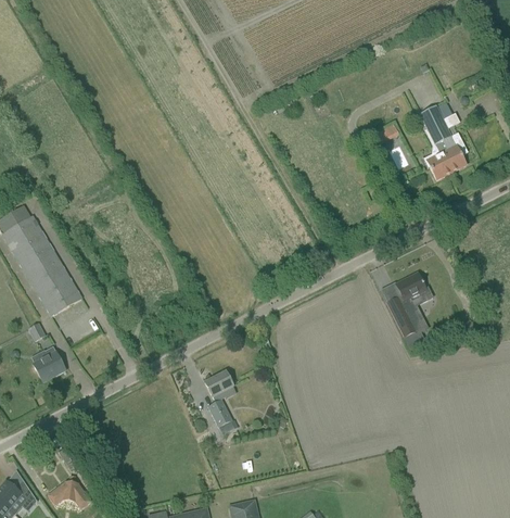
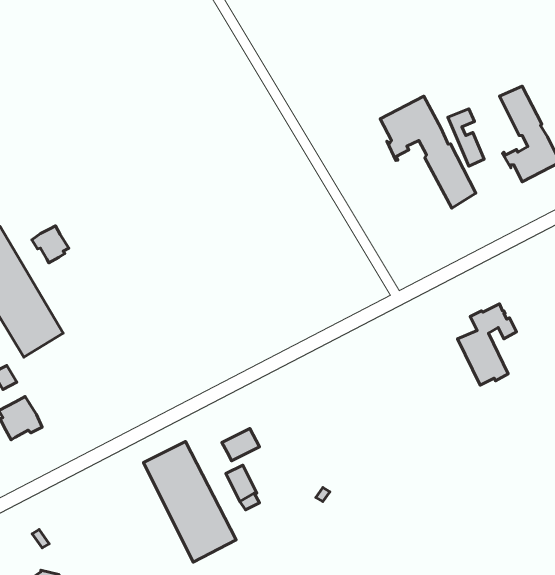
building: none -> [380,96,476,208]
building: none -> [32,226,69,263]
building: none -> [143,441,236,562]

